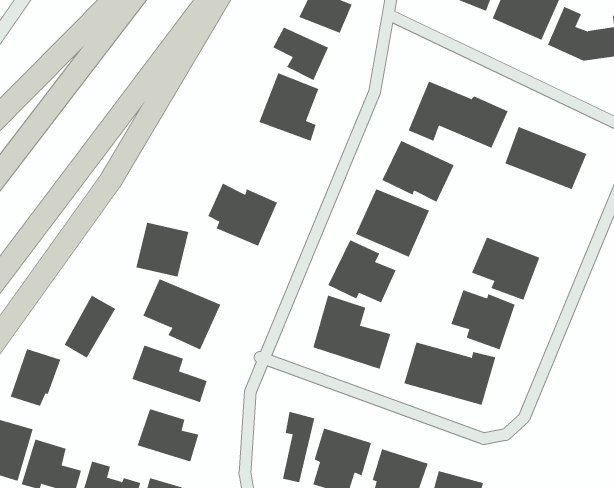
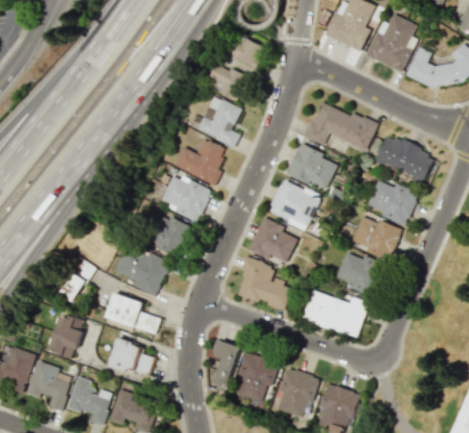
building: none -> [173,138,226,185]
building: none -> [367,179,418,225]
building: [135,222,189,277] -> [150,216,189,256]
building: [10,348,61,406] -> [48,315,85,357]

